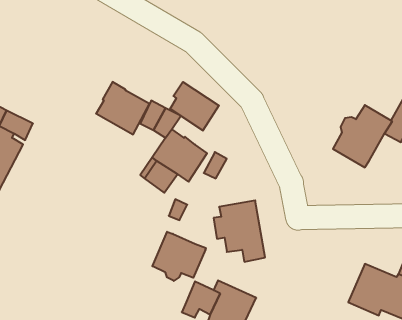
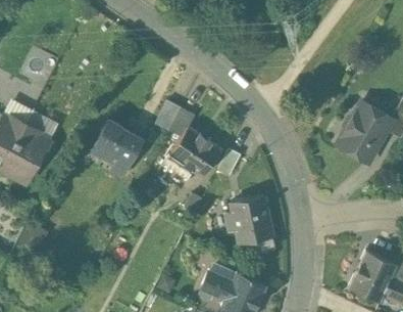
building: [96,82,150,134] -> [92,119,142,168]
building: [170,82,219,131] -> none
building: [152,232,206,281] -> none

